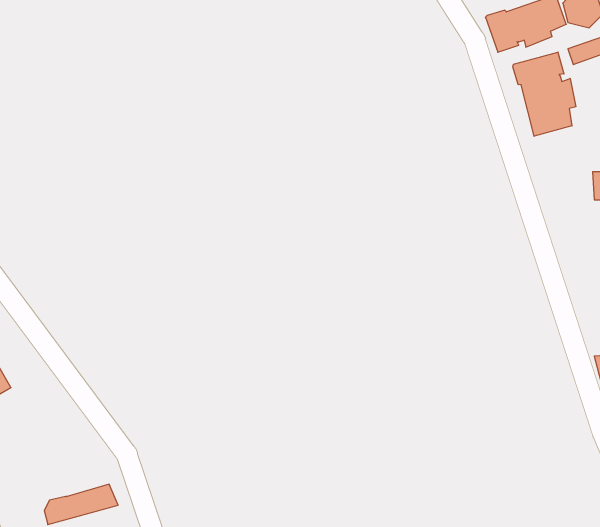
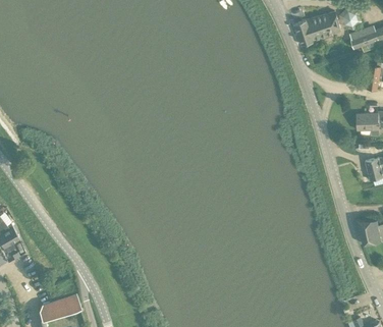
building: [513,52,576,136] -> none

